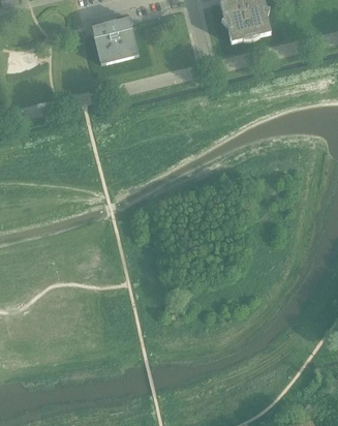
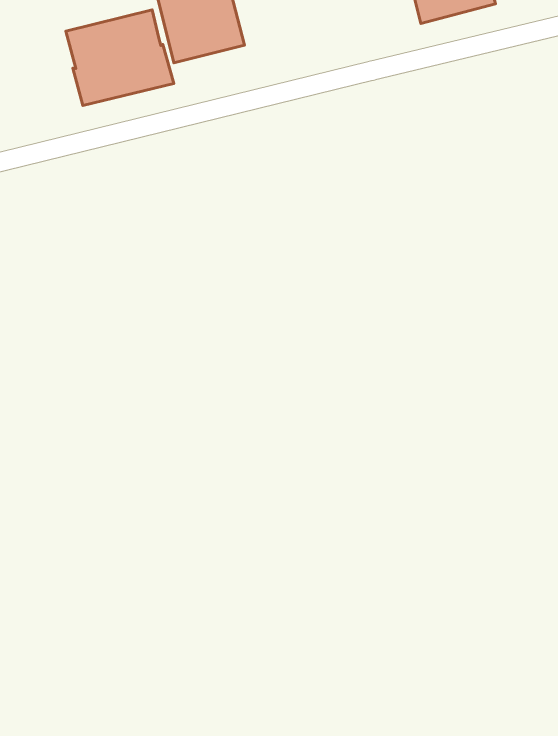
building: none -> [66,10,174,105]

